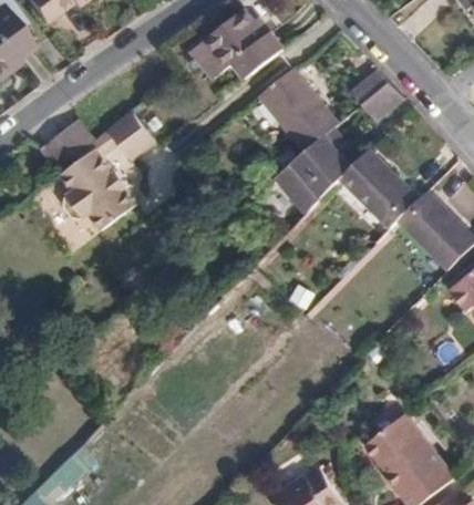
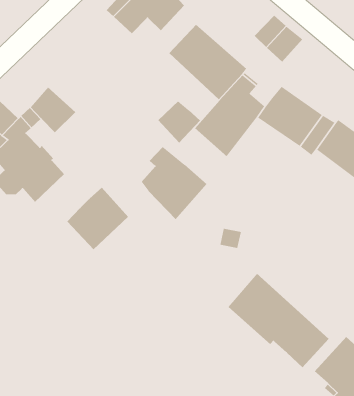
building: none -> [157,100,201,143]
building: none -> [141,146,208,220]
building: none -> [66,187,129,250]
building: none -> [227,273,330,368]

